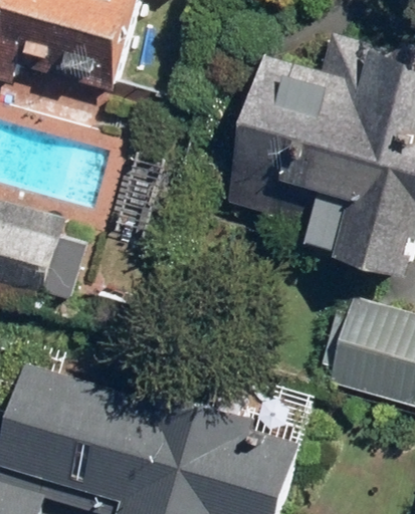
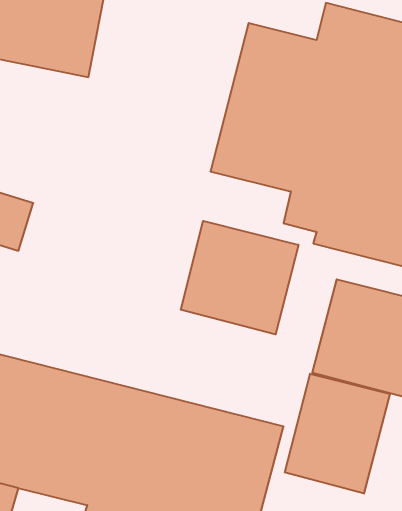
building: none -> [181,221,298,334]
building: none -> [285,374,390,494]

